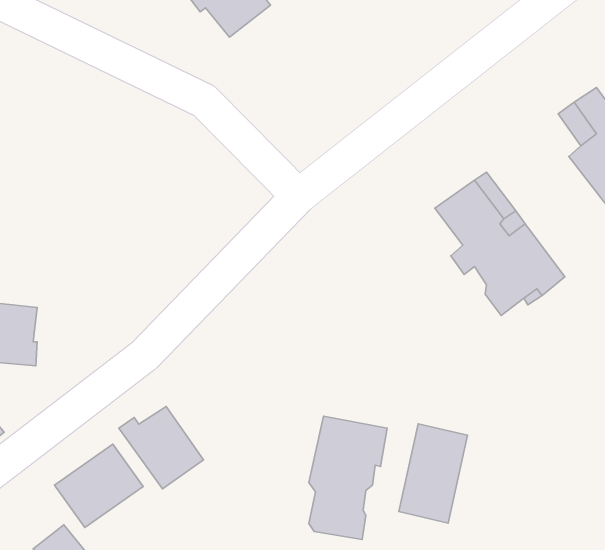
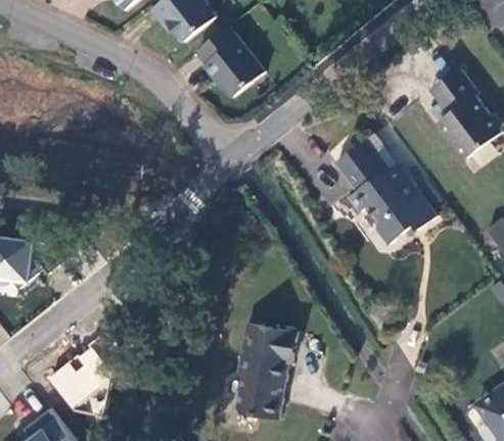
building: none -> [191,17,260,89]
building: [119,407,204,489] -> none
building: [399,424,468,523] -> none

